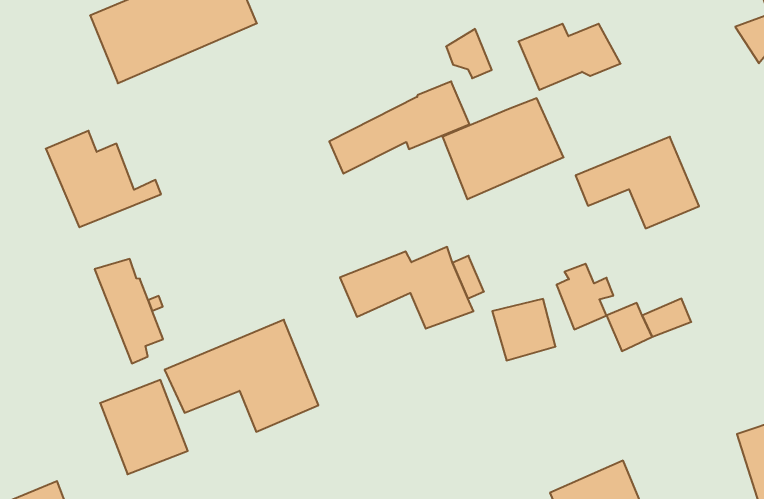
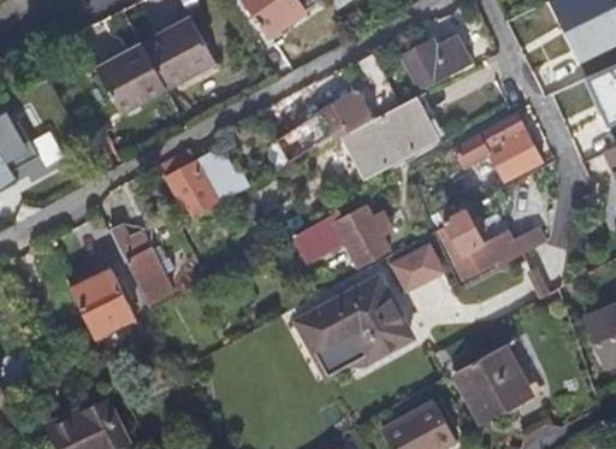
building: [46,131,161,227] -> [159,149,243,218]
building: [165,320,318,432] -> [298,280,409,361]
building: [100,380,188,474] -> [69,270,134,338]

